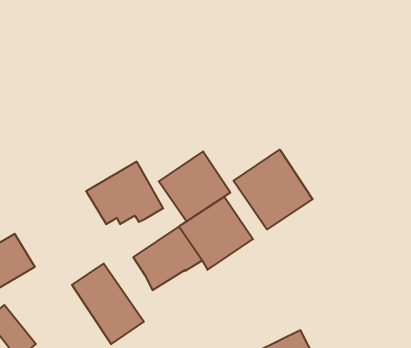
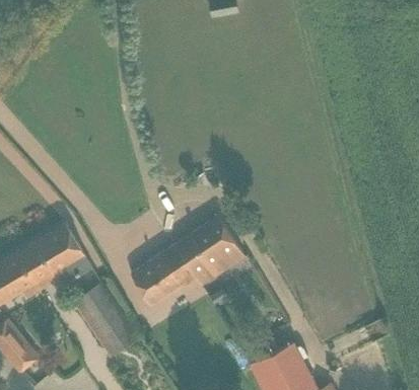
building: [234,150,313,229] -> none
building: [159,151,230,222] -> none
building: [86,162,163,224] -> [17,225,91,285]

